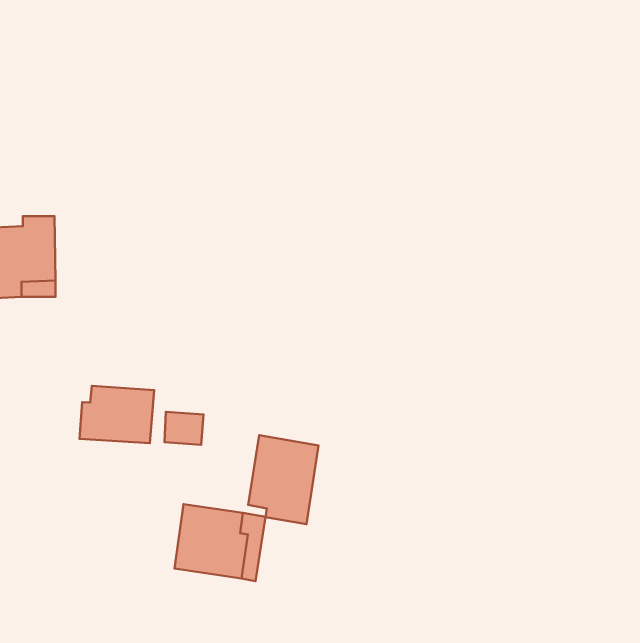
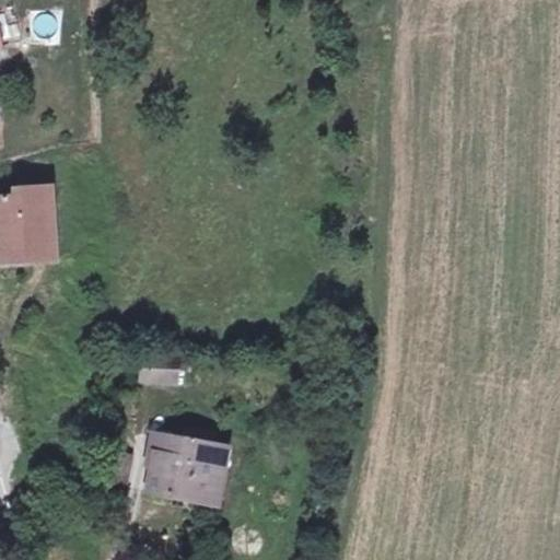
building: [79,386,154,443] -> none
building: [248,435,319,524] -> none

